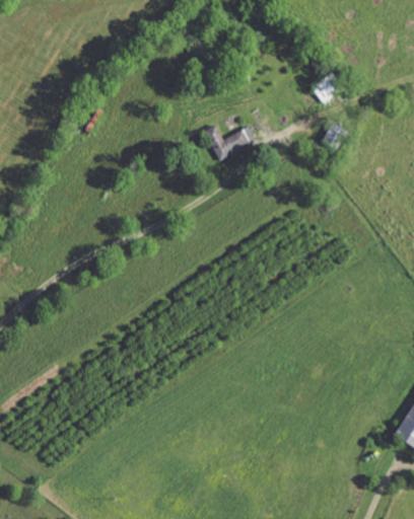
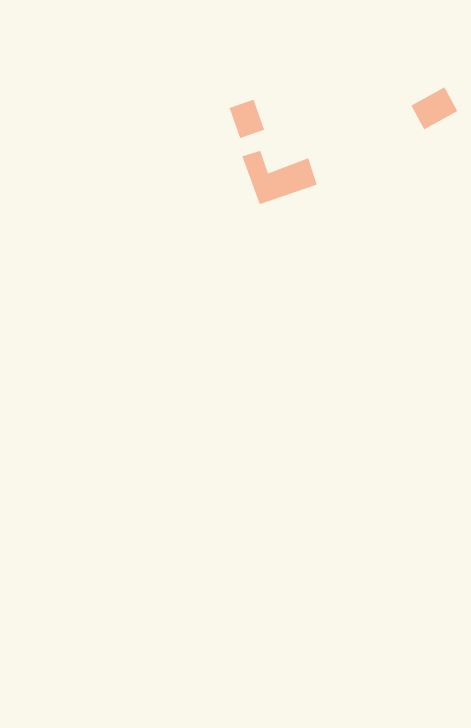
building: none -> [229,99,265,139]

